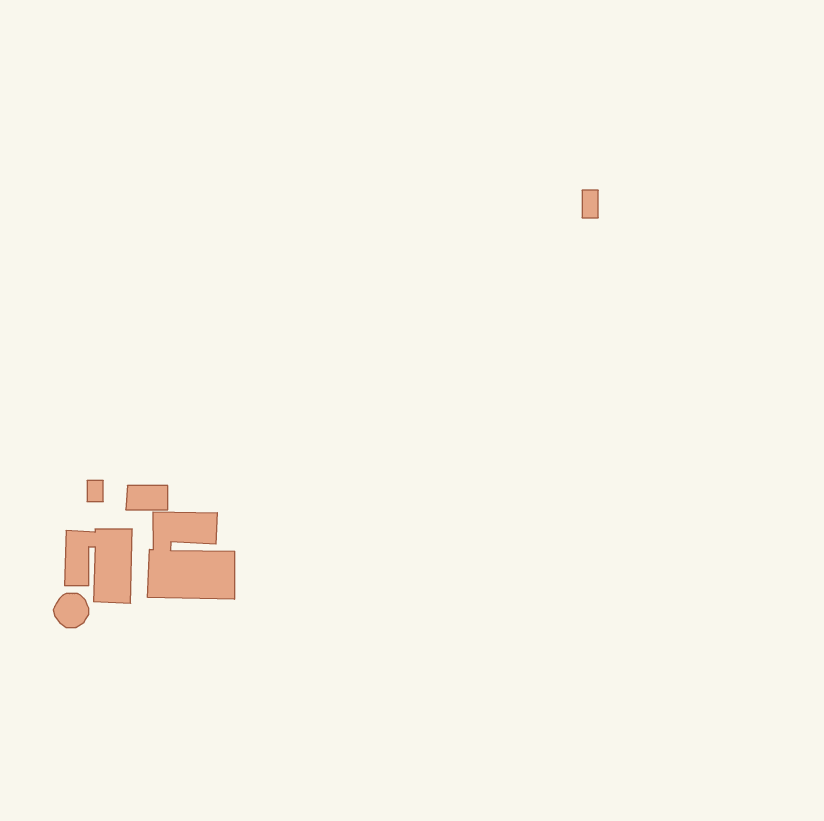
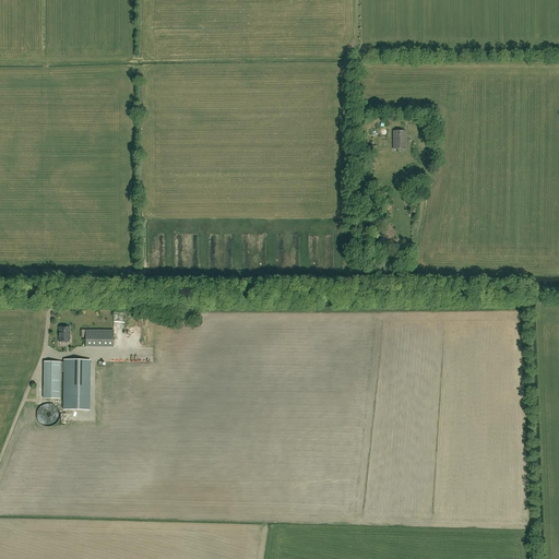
building: [148,512,235,599] -> none

